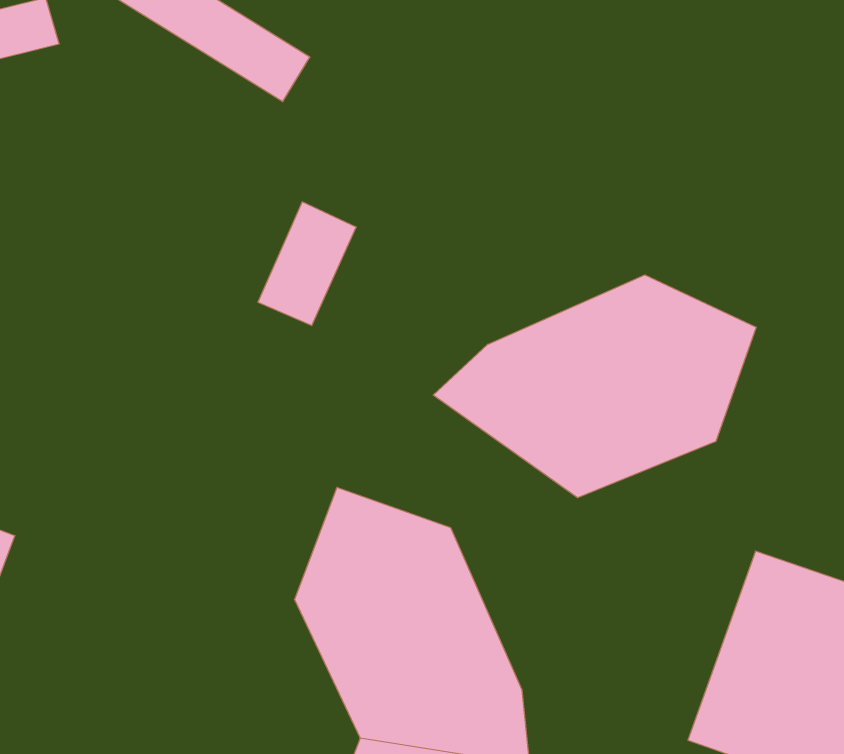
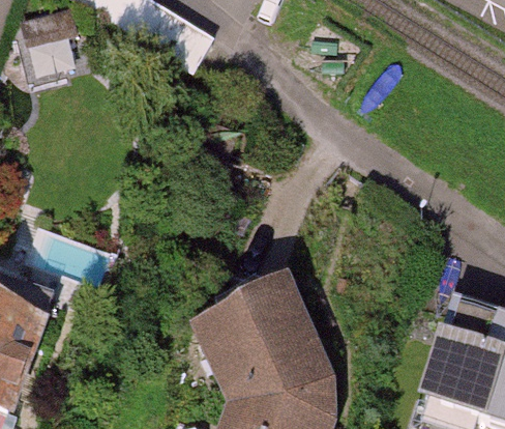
building: [433,275,756,498] -> none

